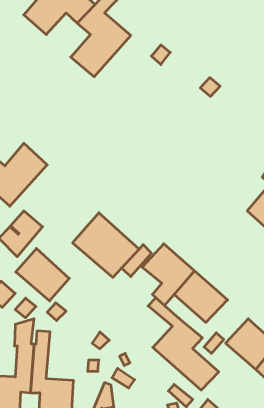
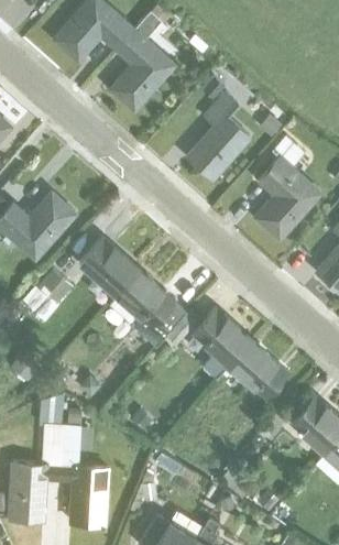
building: none -> [184,89,252,179]
building: none -> [252,132,324,240]
building: [16,248,69,301] -> [77,236,140,297]
building: [148,298,219,390] -> none

